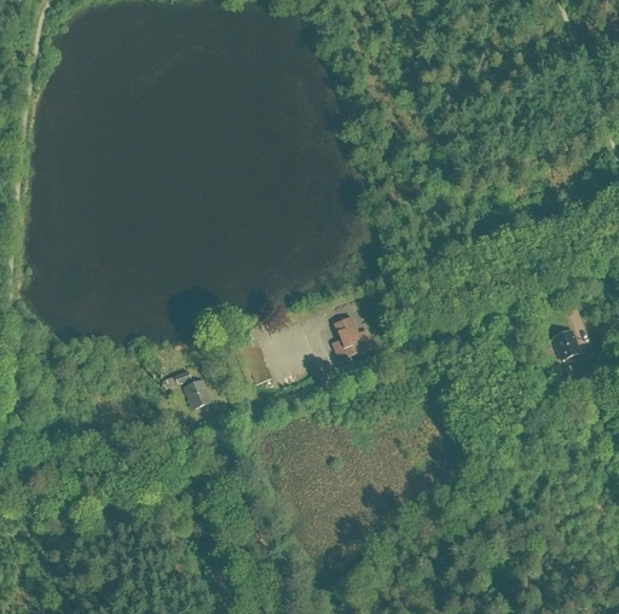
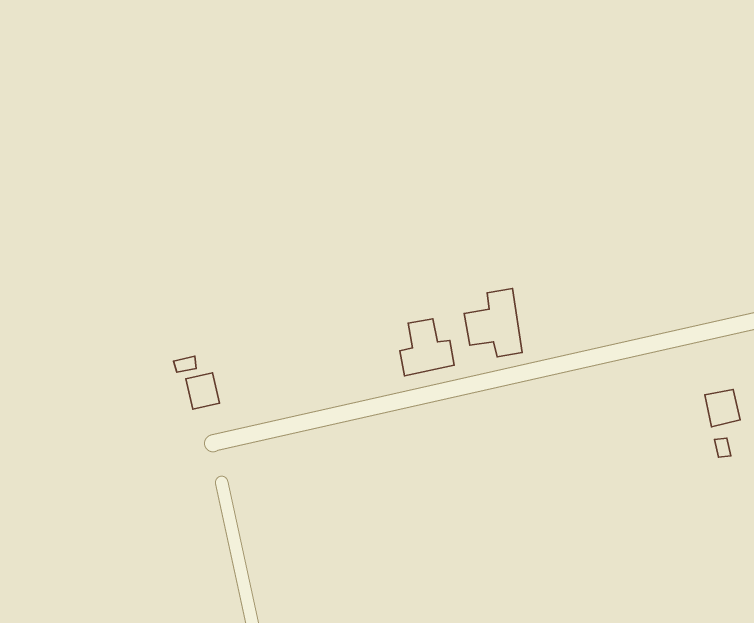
building: none -> [464,288,522,357]

